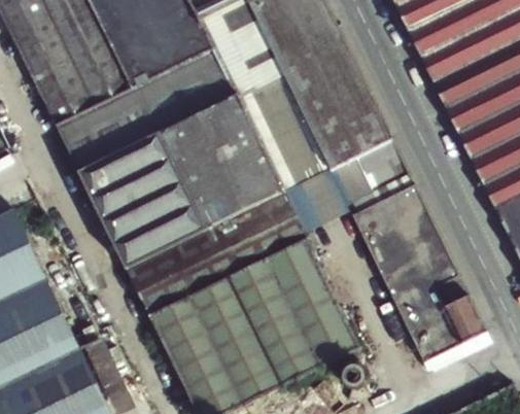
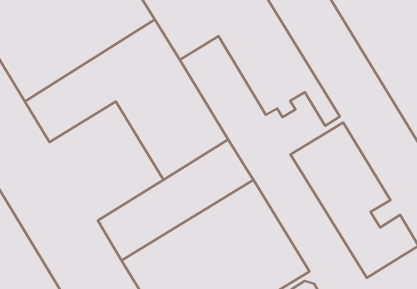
building: [236,72,393,229] -> none
building: [80,135,205,268] -> none

